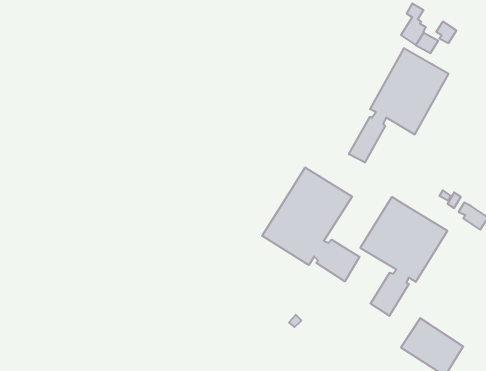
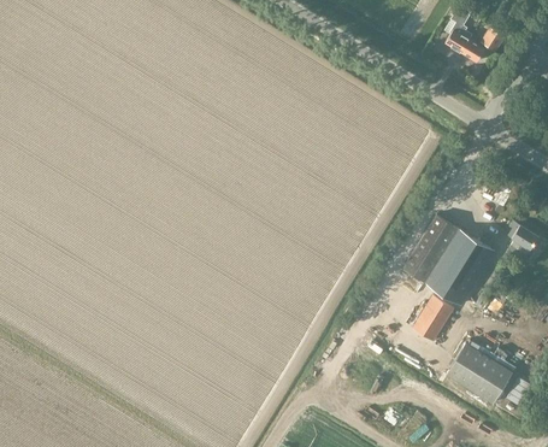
building: [349,48,448,163] -> none
building: [262,167,360,281] -> none

